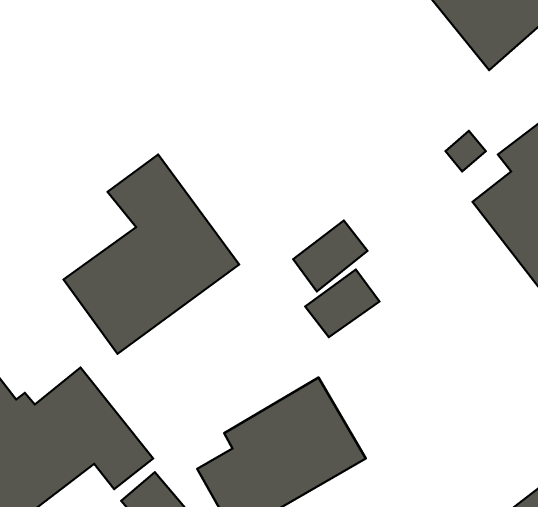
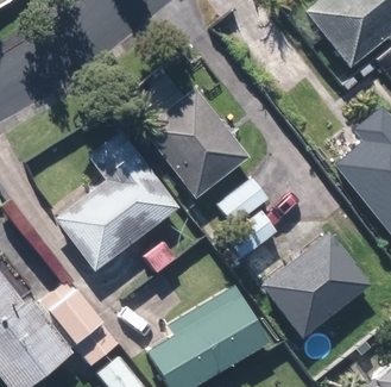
building: none -> [140,86,250,198]
building: none -> [259,231,368,337]

